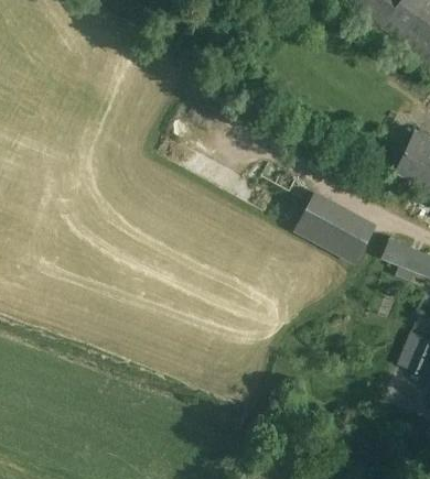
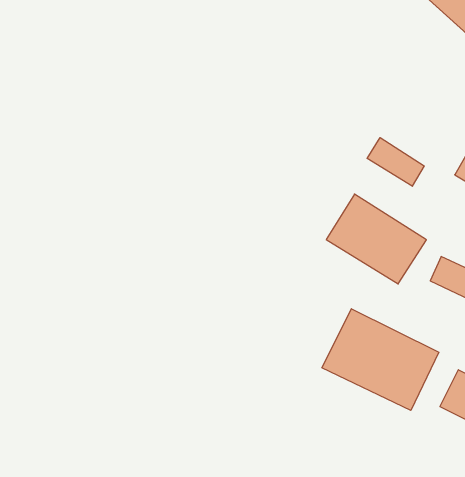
building: none -> [367,138,424,186]
building: none -> [322,309,439,410]

